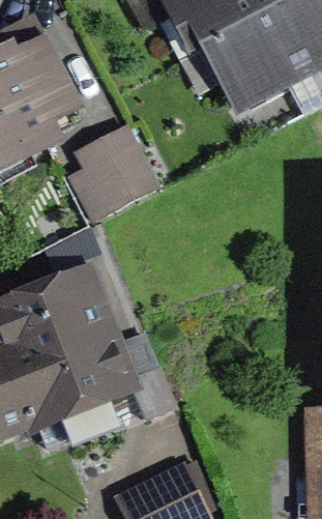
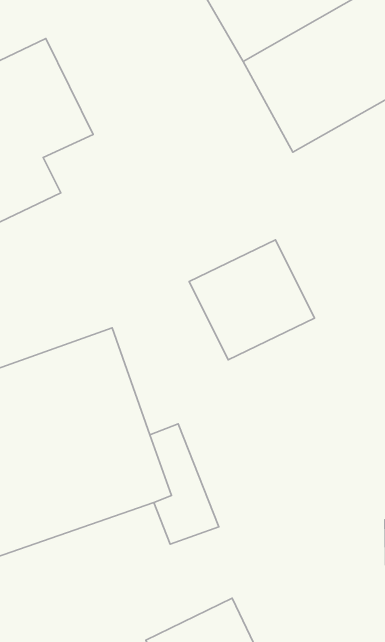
building: [61,128,157,221] -> [189,240,315,360]

